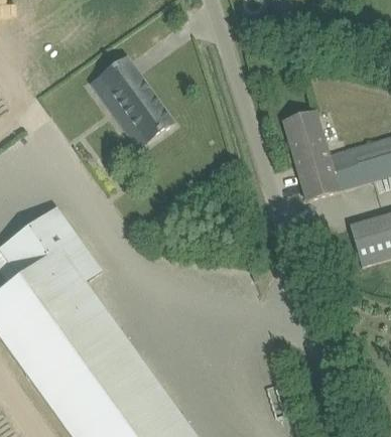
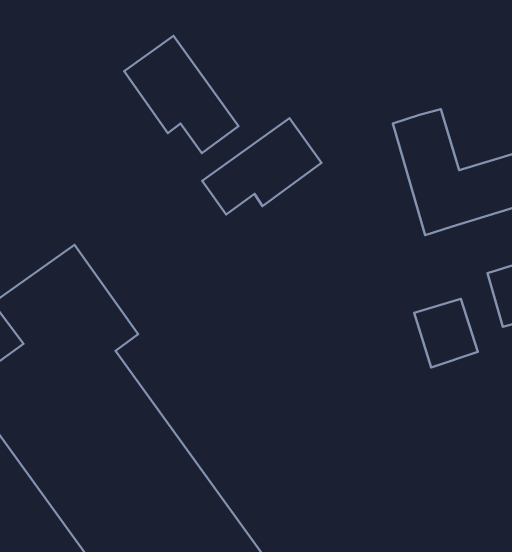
building: none -> [202,118,322,214]
building: none -> [414,299,478,368]

